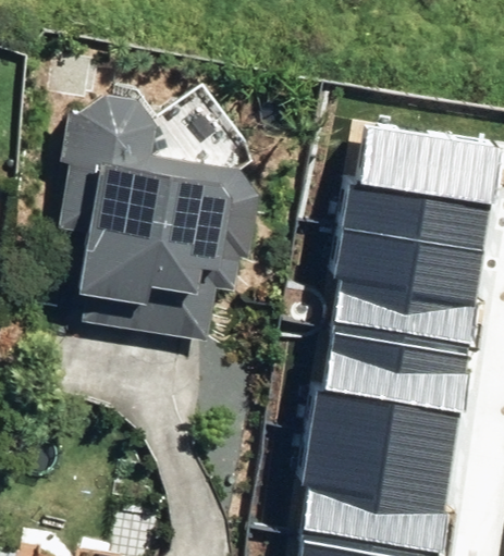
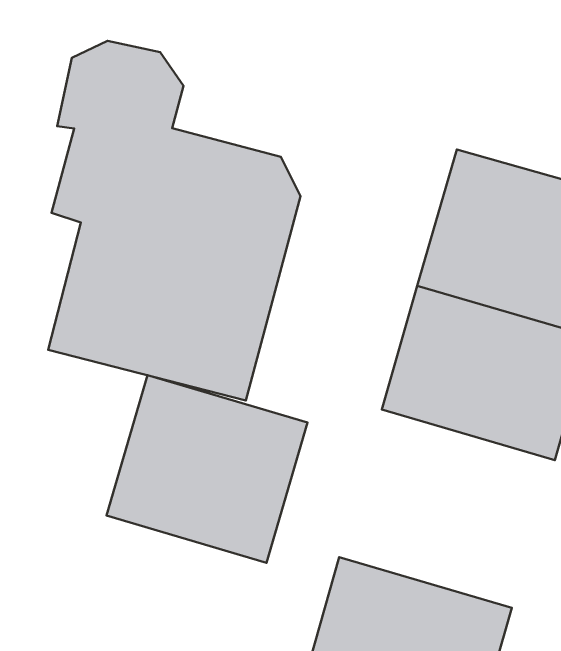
building: none -> [107,375,307,563]
building: [316,332,467,467] -> none

